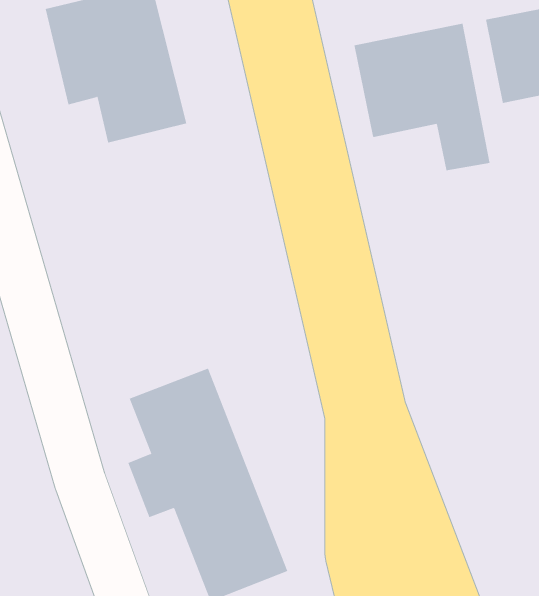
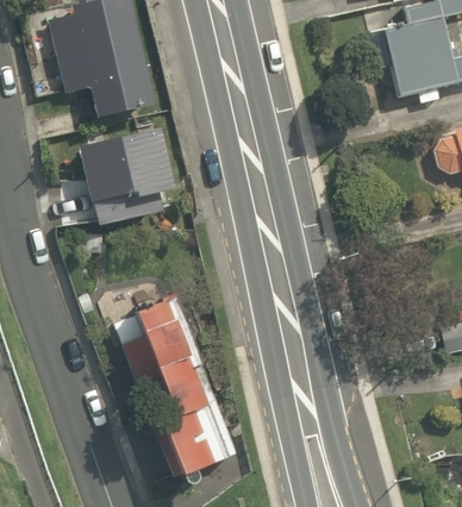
building: [354,23,490,171] -> none
building: none -> [74,134,168,229]

